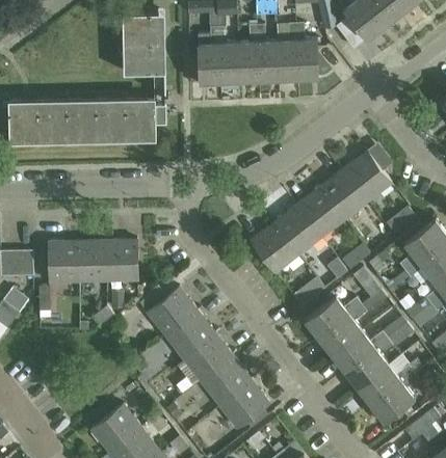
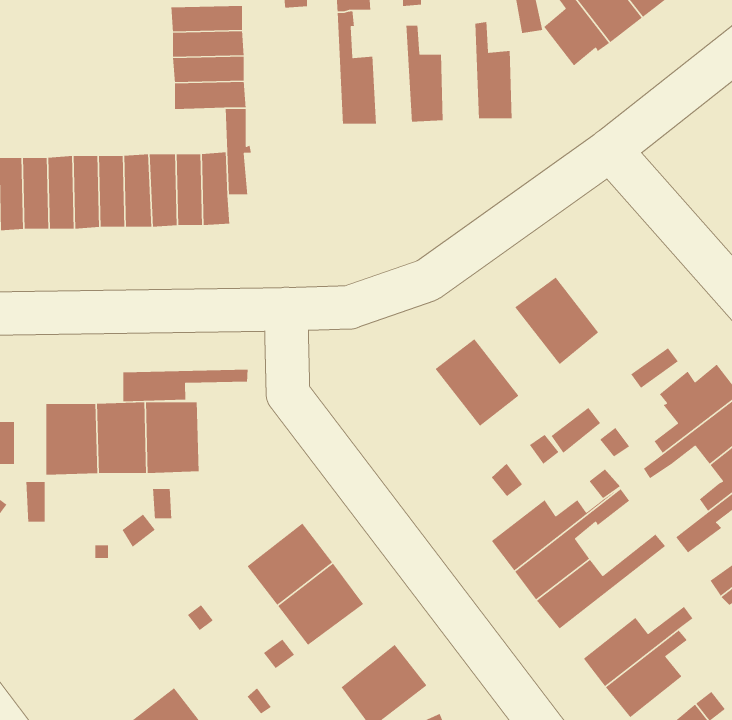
building: [278,24,298,80] -> none
building: [238,25,260,82] -> none
building: [188,26,220,83] -> none
building: [343,151,392,201] -> none
building: [296,187,345,238] -> none
building: [251,222,299,273] -> none
building: none -> [123,369,248,402]
building: [148,287,198,335] -> none
building: [345,324,414,388] -> none
building: [201,357,251,405] -> none

